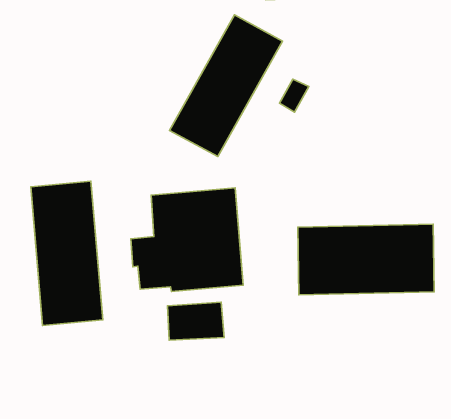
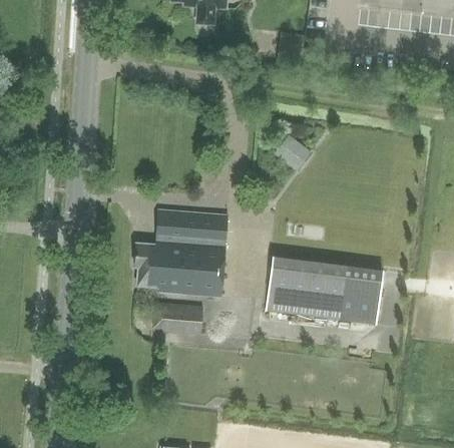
building: [170,15,283,157] -> none
building: [31,181,103,325] -> none

